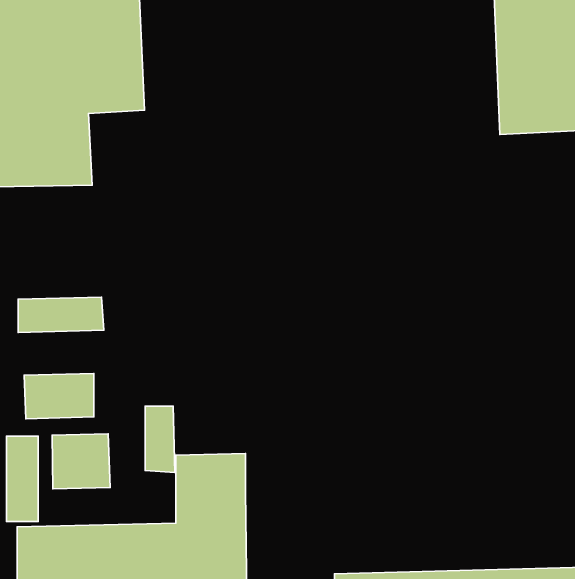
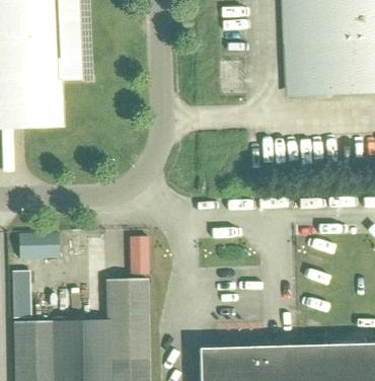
building: [18,297,104,332] -> none
building: [145,406,175,472] -> [131,238,148,277]
building: [52,434,110,489] -> none

